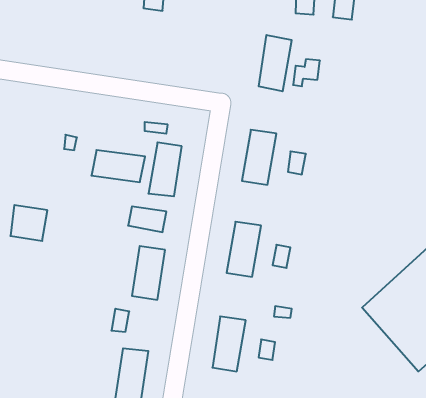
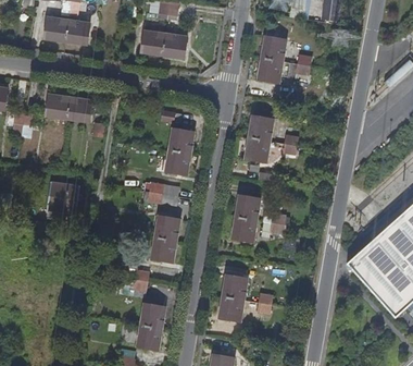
building: none -> [42,16,89,44]
building: none -> [140,29,185,58]
building: [91,150,145,182] -> [46,93,91,120]

